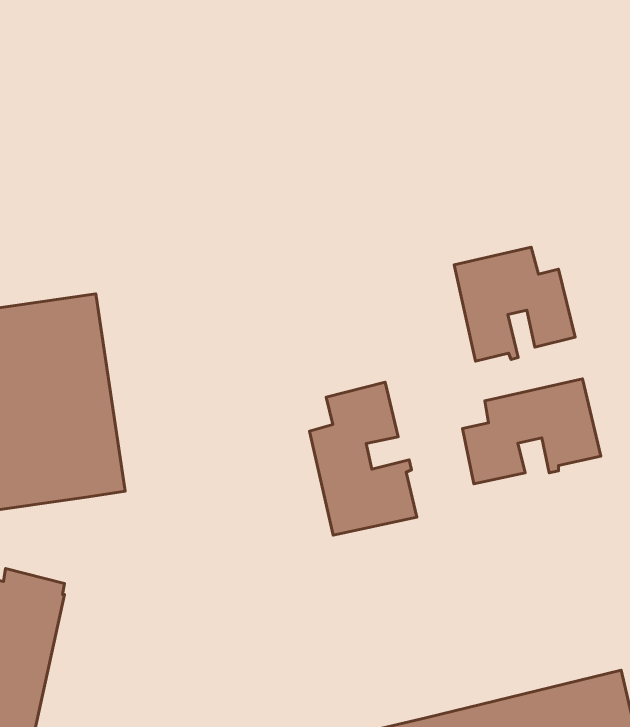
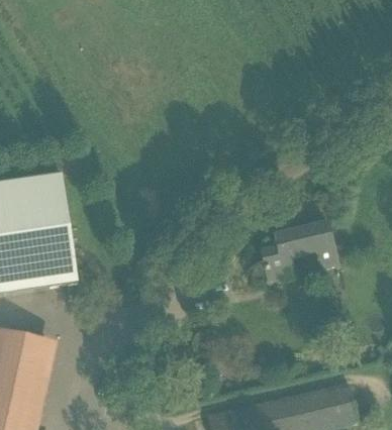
building: [454,247,575,361] -> none
building: [309,382,417,535] -> none

